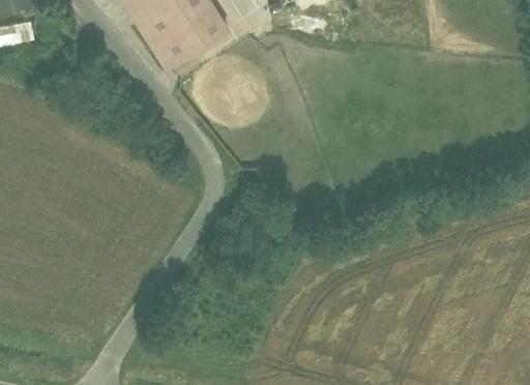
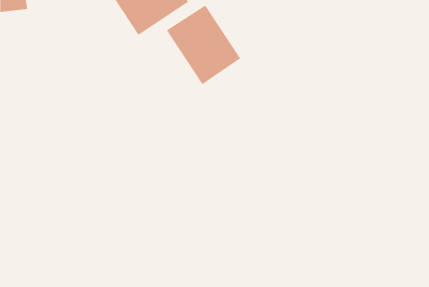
building: none -> [166,4,241,85]

